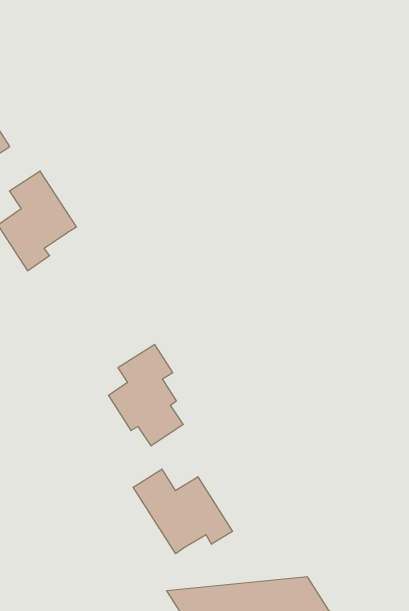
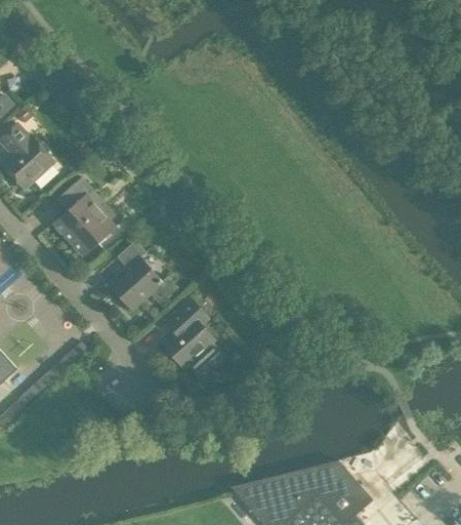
building: none -> [108,241,176,311]
building: [133,469,233,554] -> none

